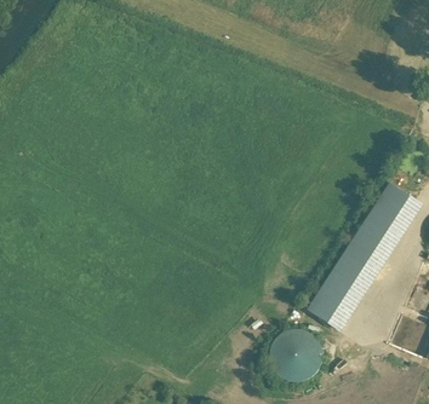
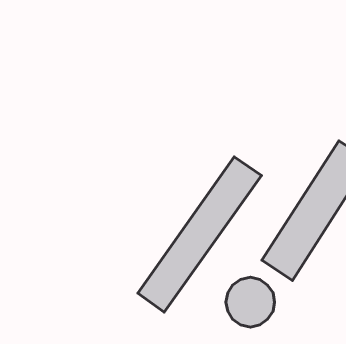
building: none -> [138,157,262,312]

